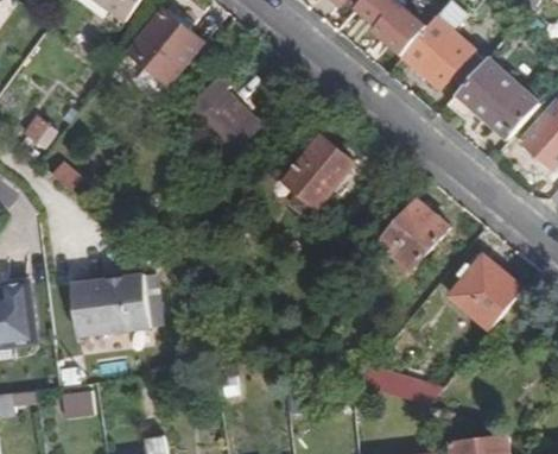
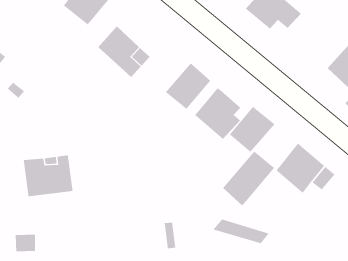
building: [461,58,539,139] -> none
building: none -> [194,87,241,140]
building: none -> [222,150,275,206]

